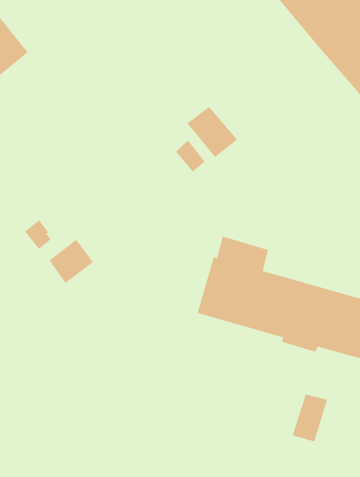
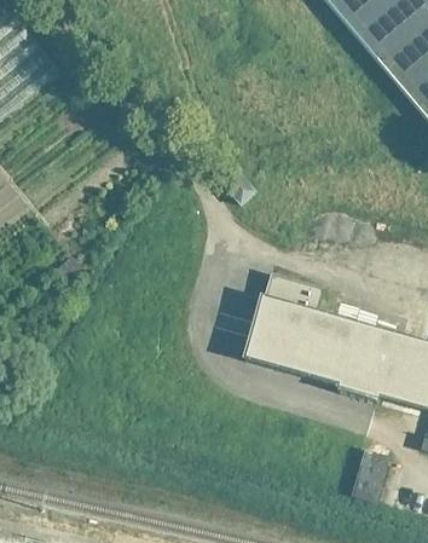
building: [186,106,238,158] -> none
building: [49,239,94,284] -> none

